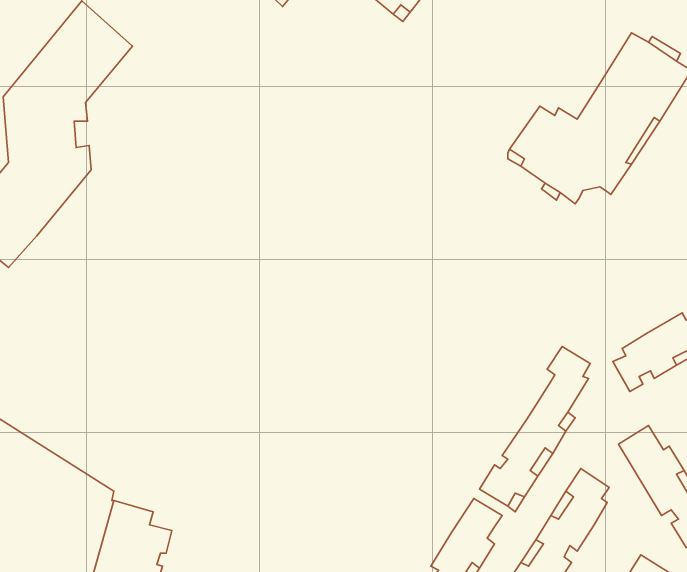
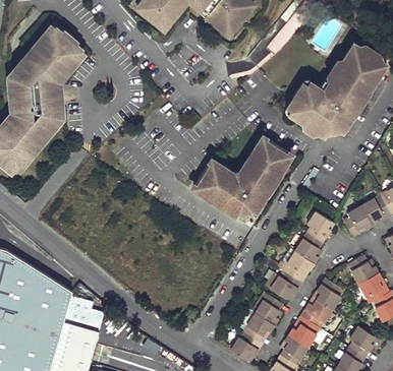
building: none -> [192,137,290,215]

